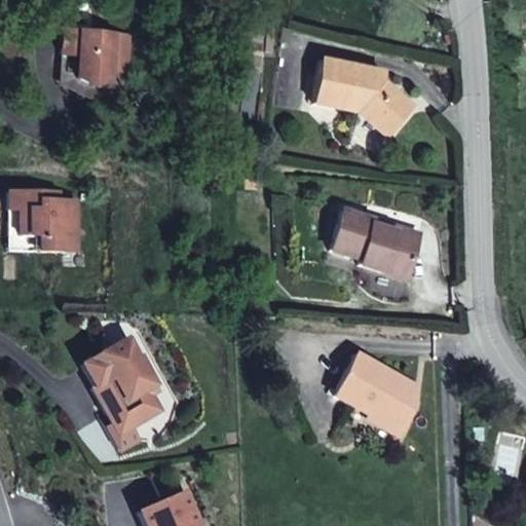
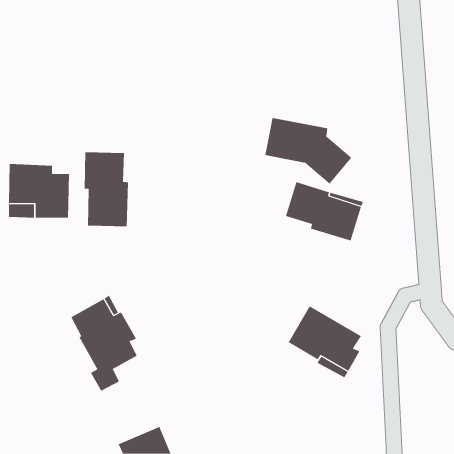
building: [64,29,134,83] -> none
building: [313,59,414,136] -> [265,118,352,185]
building: none -> [84,151,129,227]

